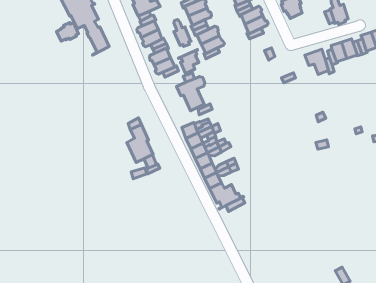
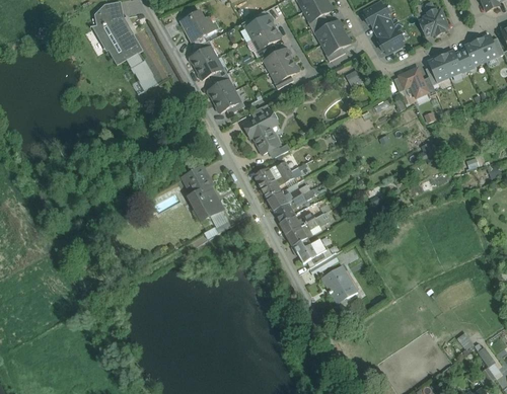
building: none -> [376,23,403,53]
building: [174,19,191,46] -> none
building: [57,22,78,41] -> none
building: [178,49,199,73] -> none
building: none -> [321,266,357,304]

